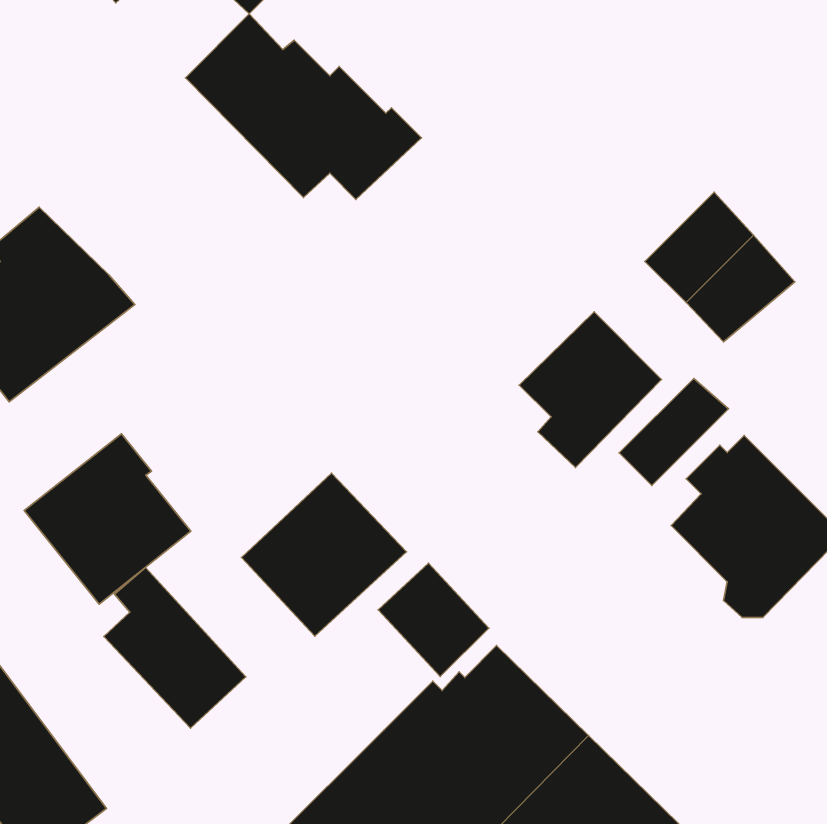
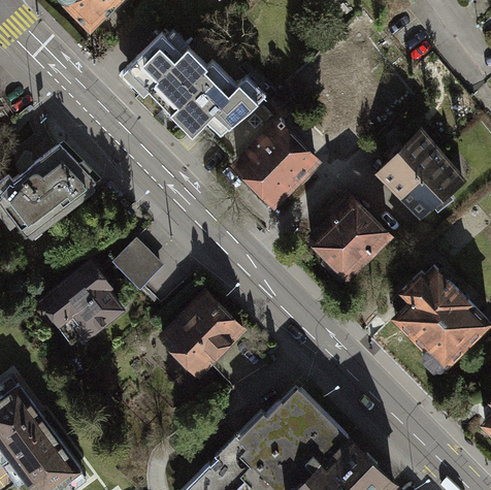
building: none -> [236,124,315,209]
building: [619,378,728,485] -> none
building: none -> [112,242,162,294]
building: [378,563,489,677] -> none
building: [104,567,246,728] -> none

